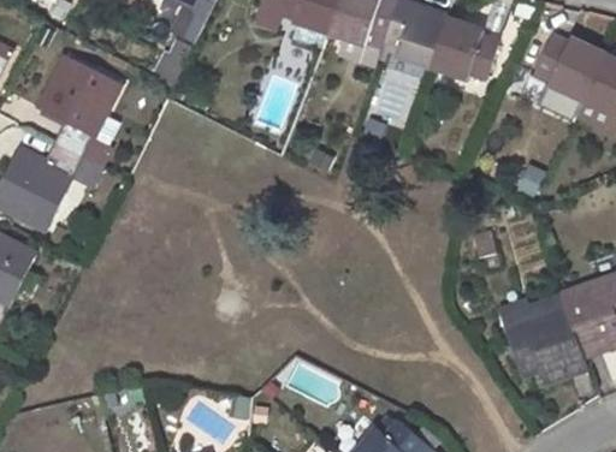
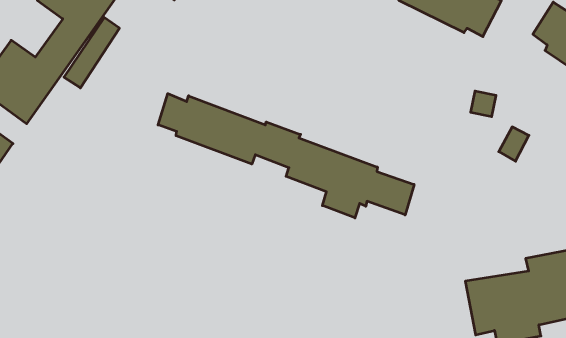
building: none -> [158,94,414,218]

